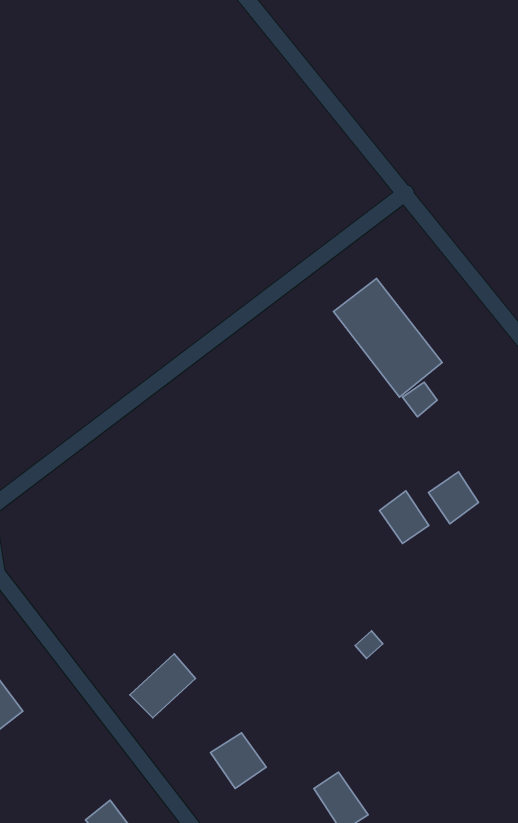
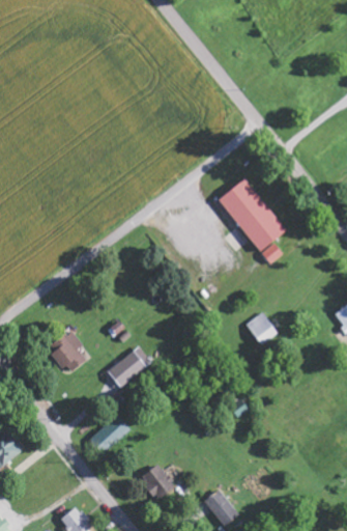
building: [428,472,479,524] -> none
building: none -> [48,331,86,372]
building: none -> [108,346,152,388]

